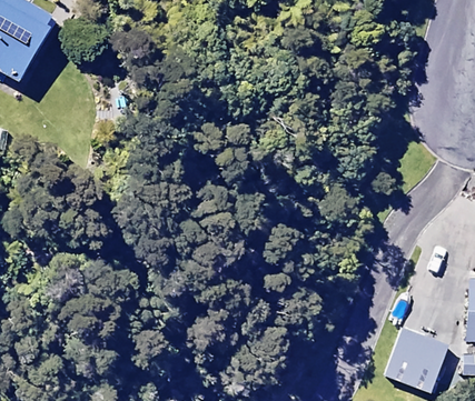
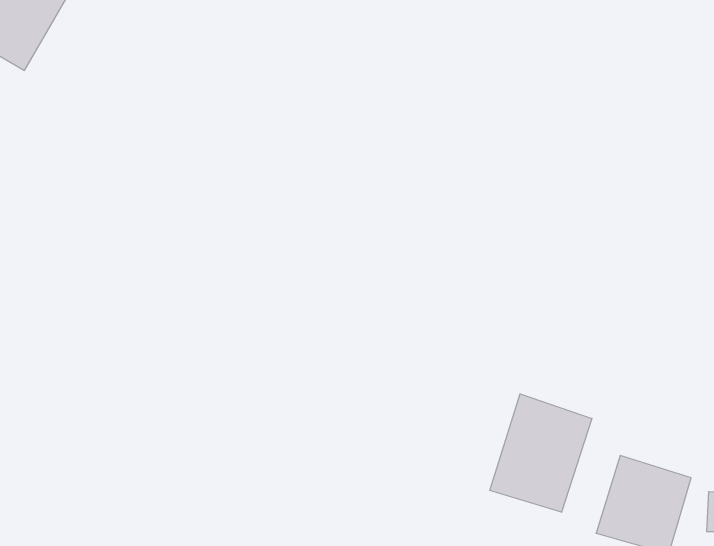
building: none -> [490,394,592,512]

